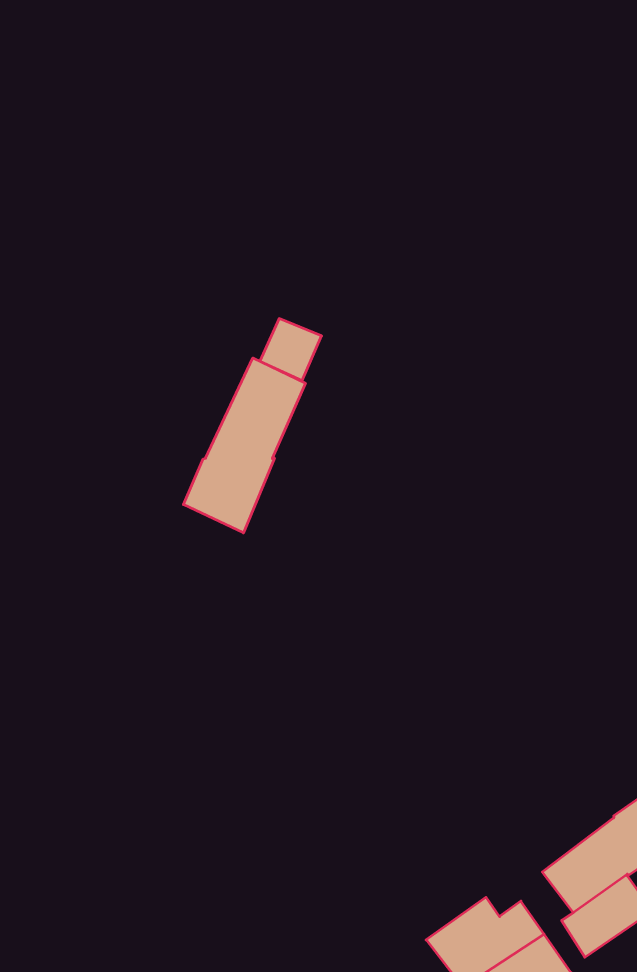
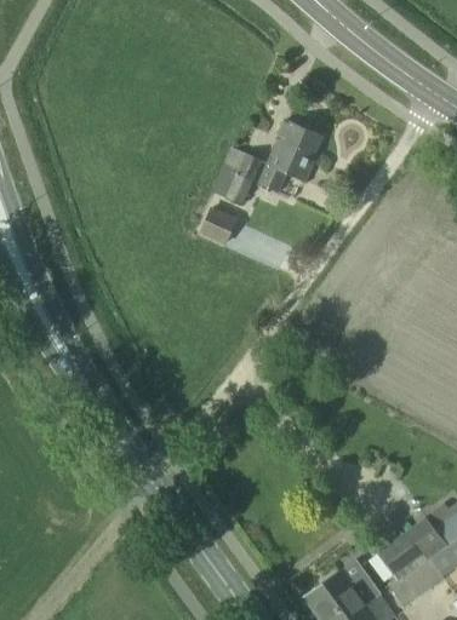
building: none -> [259,121,322,193]
building: none -> [225,147,264,206]
building: [183,358,305,533] -> none

